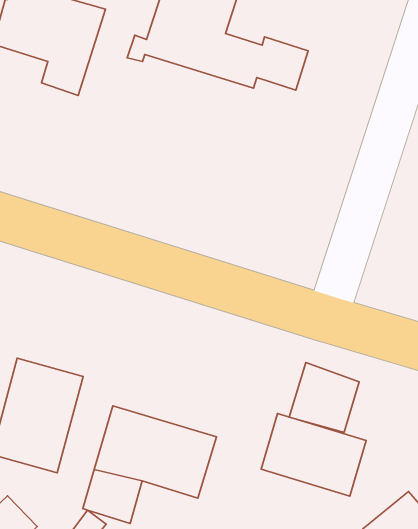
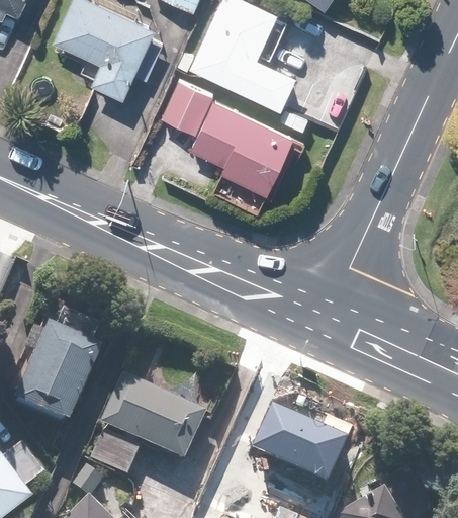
building: none -> [157,75,296,213]
building: [289,363,359,432] -> none

